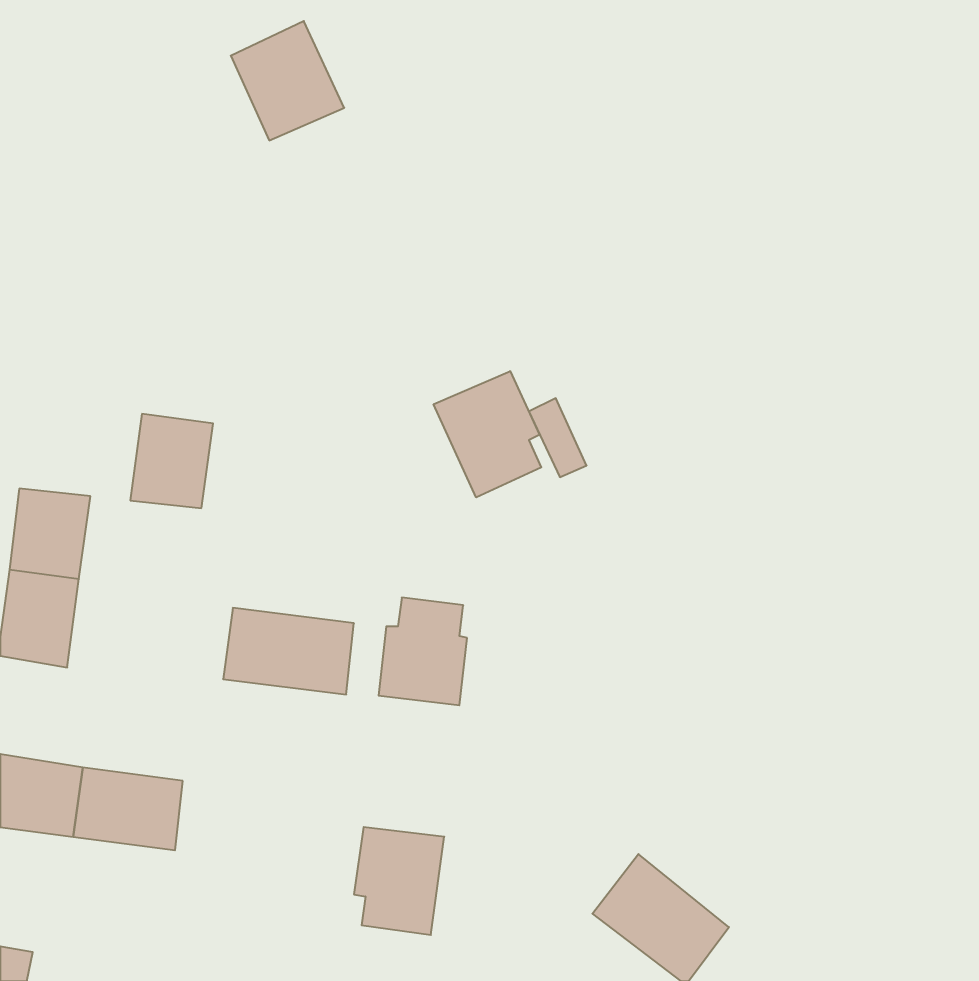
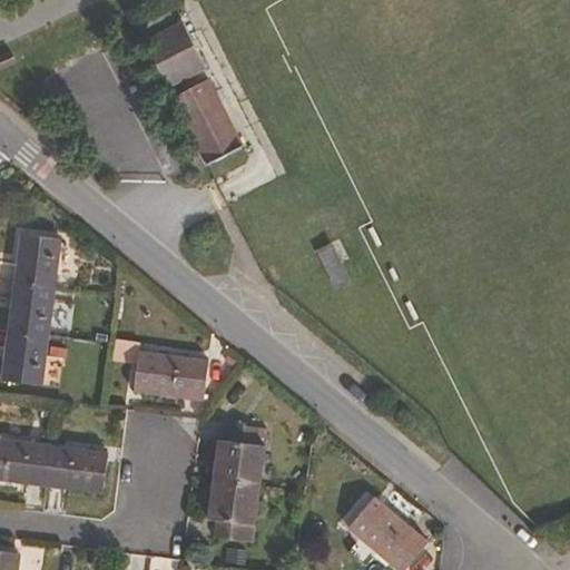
building: none -> [167,76,243,164]
building: [434,371,541,497] -> none
building: [130,414,213,508] -> [13,233,61,287]
building: [379,598,467,705] -> [213,422,264,484]

